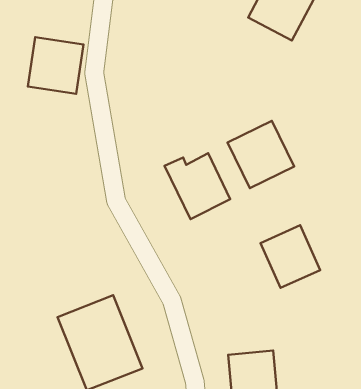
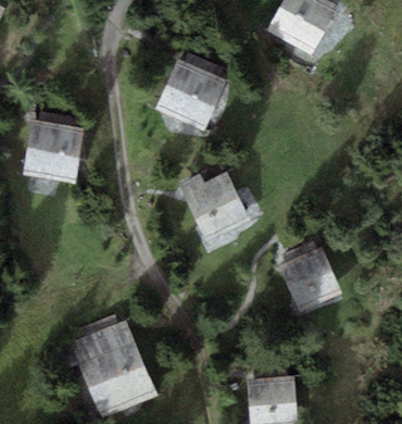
building: [28,37,83,94] -> [24,121,81,179]
building: none -> [155,60,225,129]
building: [227,121,294,188] -> none

